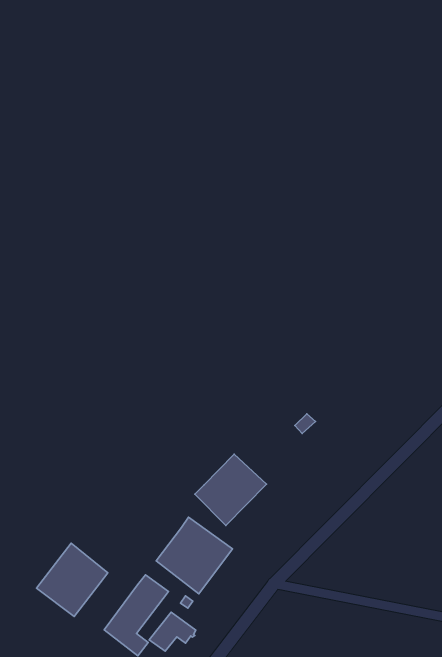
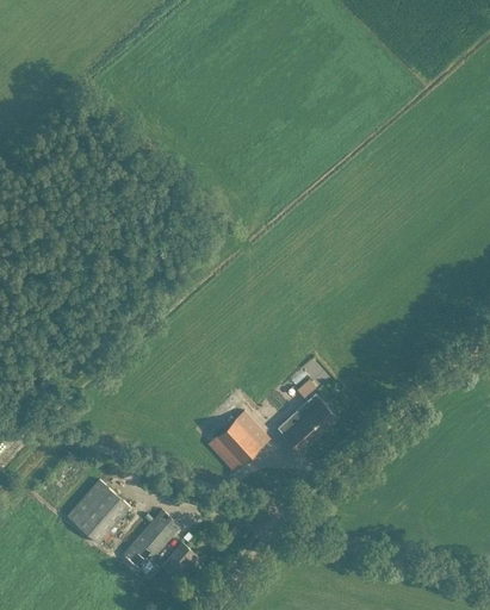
building: none -> [277,394,336,453]
building: [156,517,232,594] -> none

